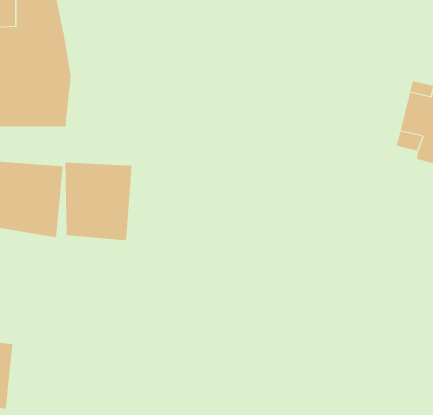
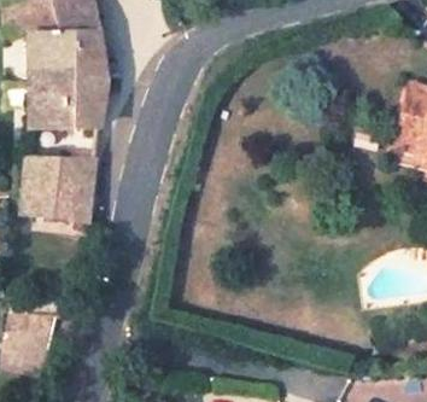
building: [65,162,132,241] -> none

